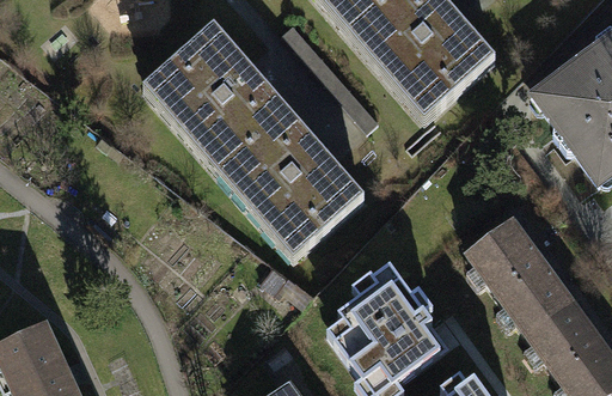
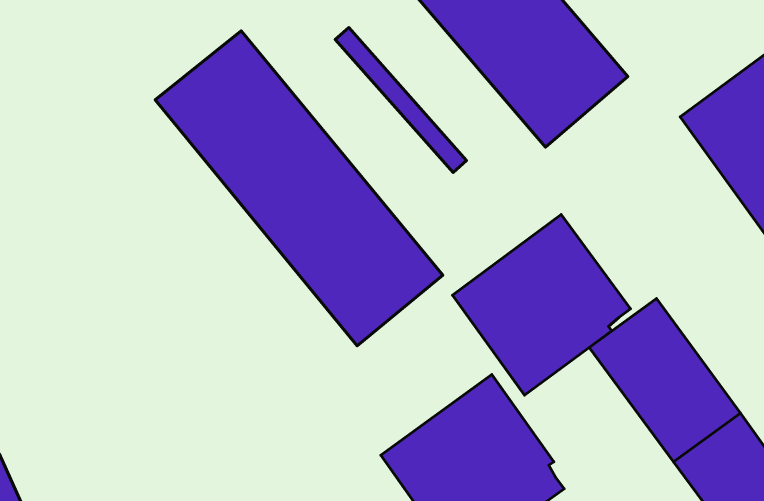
building: none -> [452,214,631,395]

